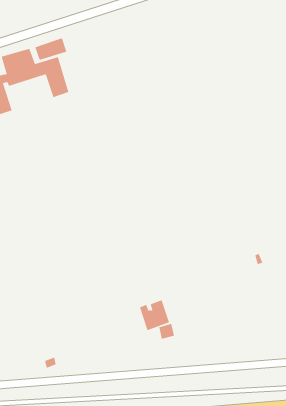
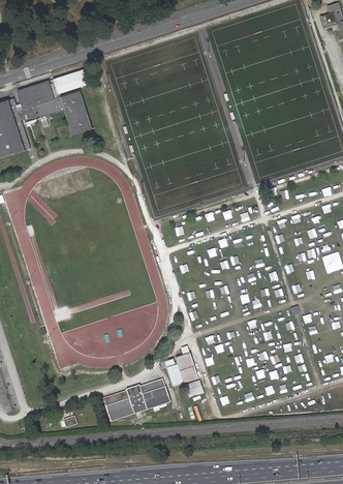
building: none -> [103,376,169,420]

